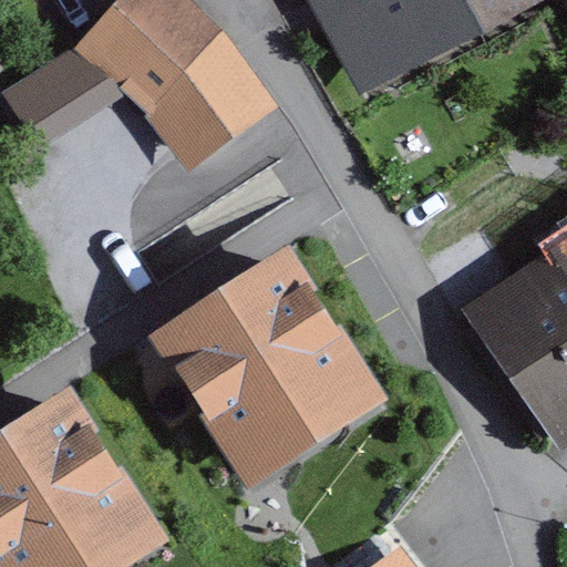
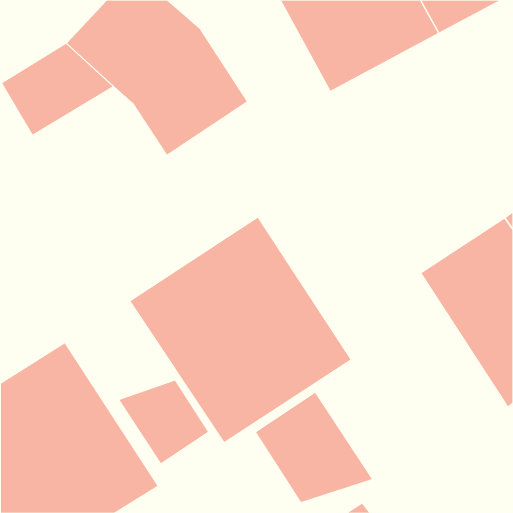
building: none -> [118,380,209,464]
building: none -> [255,392,373,503]

